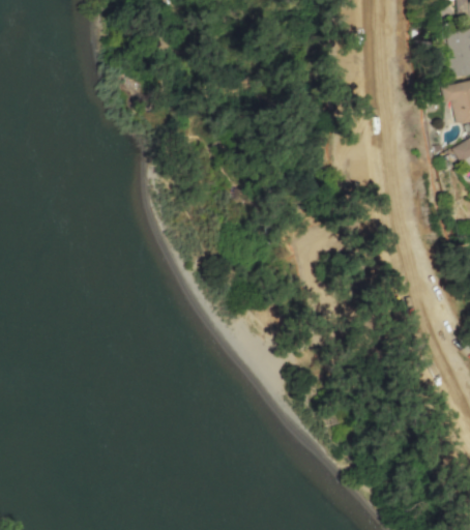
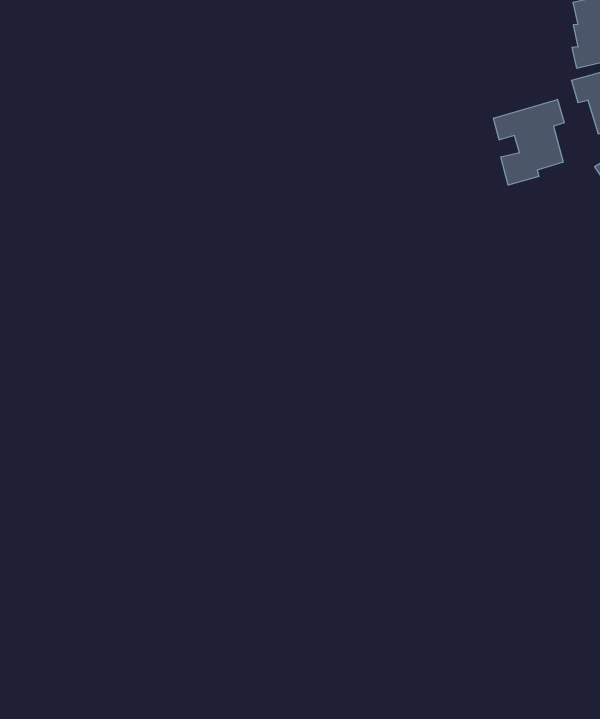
building: none -> [493,99,564,185]

